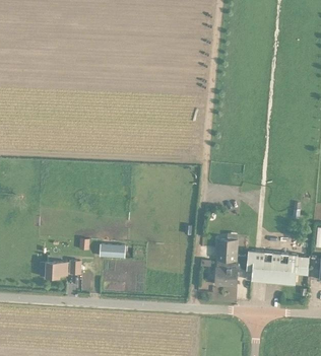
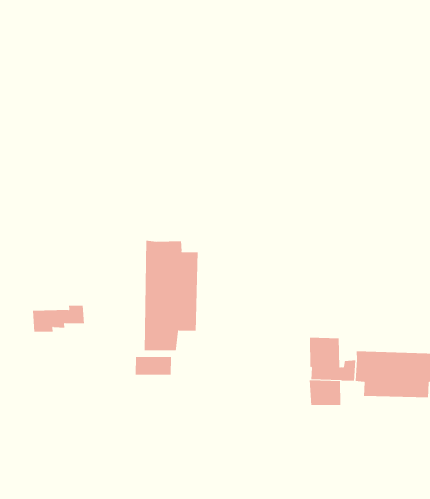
building: none -> [144,240,198,351]
building: [45,260,79,277] -> [32,305,85,332]

